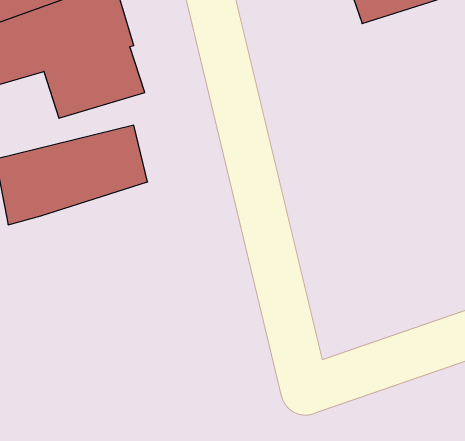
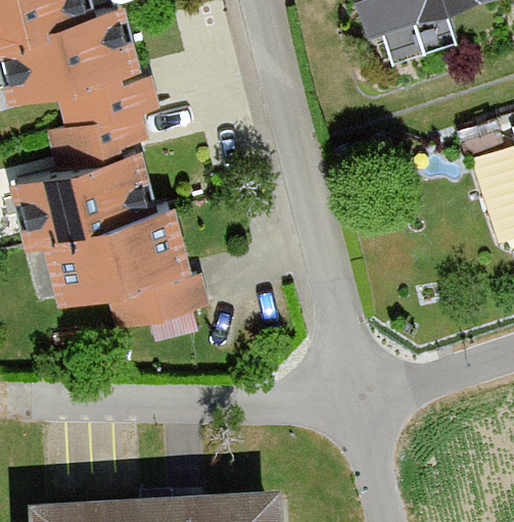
building: none -> [46,200,198,328]

